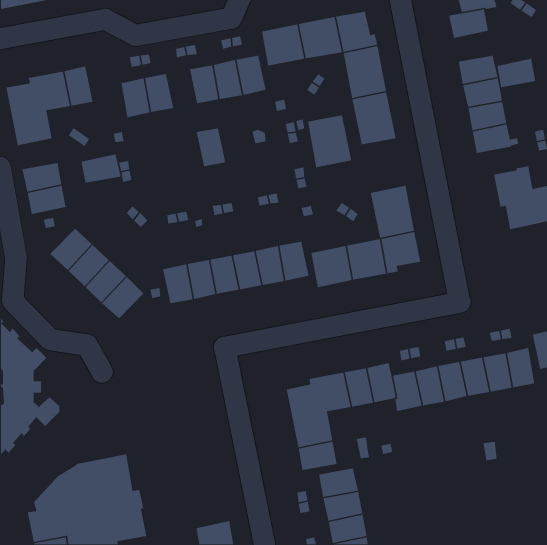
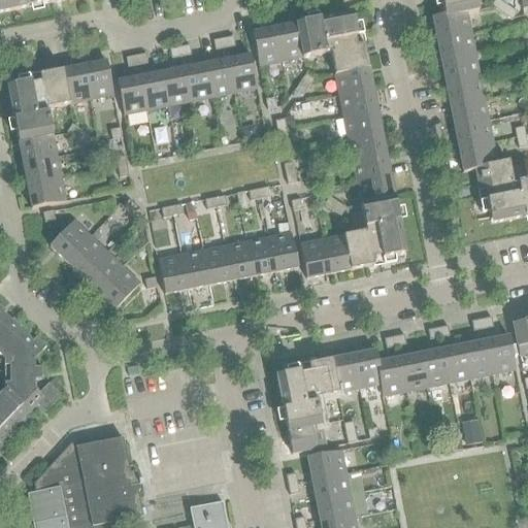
building: [496,58,536,88] -> [437,30,475,59]
building: none -> [85,59,113,98]
building: [307,115,352,168] -> [349,133,392,185]
building: [196,127,226,167] -> [162,66,191,104]
building: none -> [459,141,497,170]
building: [81,154,121,184] -> [19,133,58,162]

